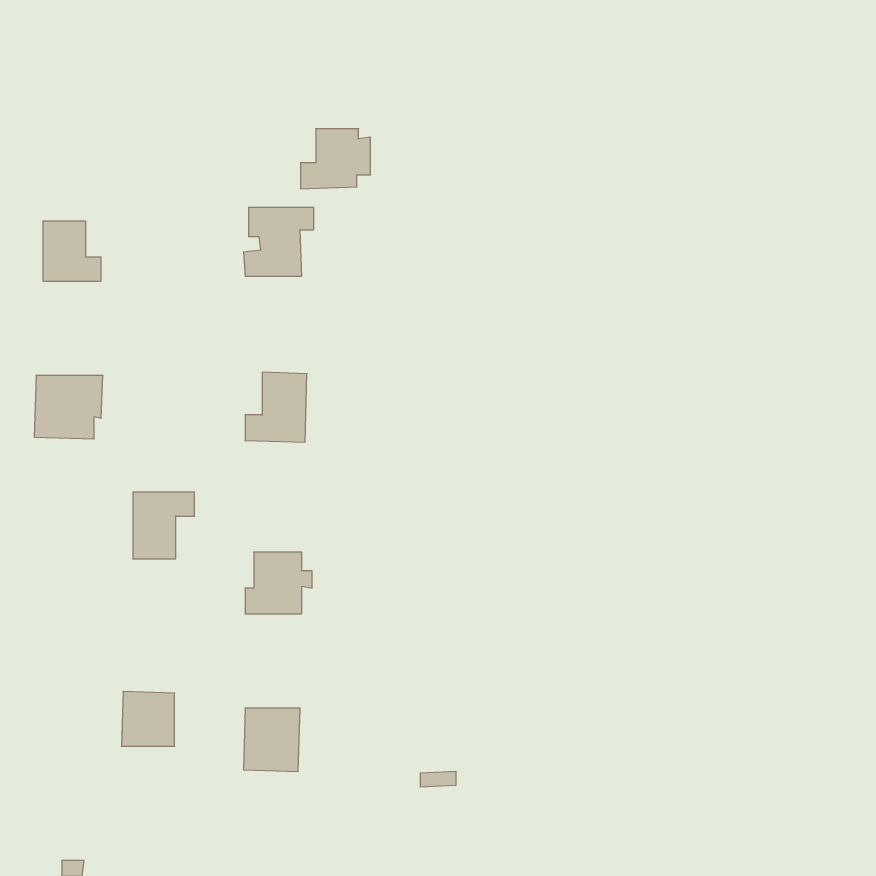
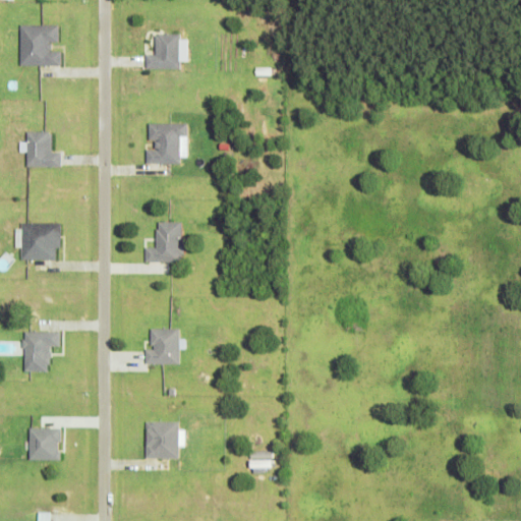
building: none -> [19,24,60,66]
building: [300,129,371,189] -> [146,34,187,69]
building: [133,492,195,559] -> [24,332,61,371]
building: [121,691,175,746] -> [28,426,60,459]

